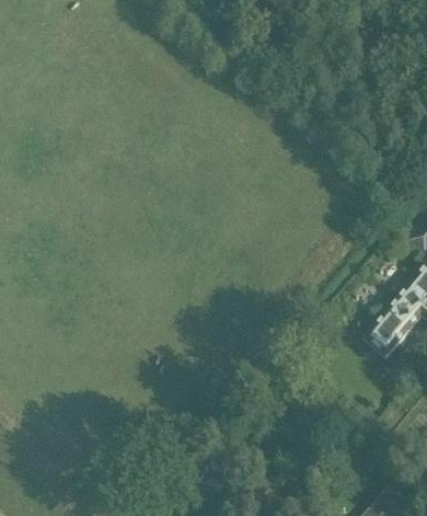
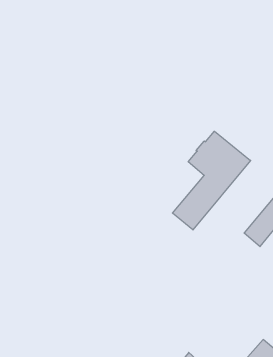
building: none -> [172,131,251,230]

